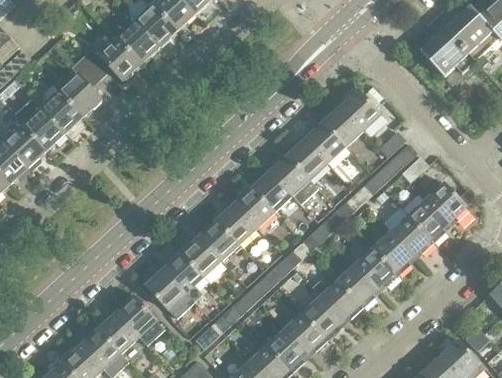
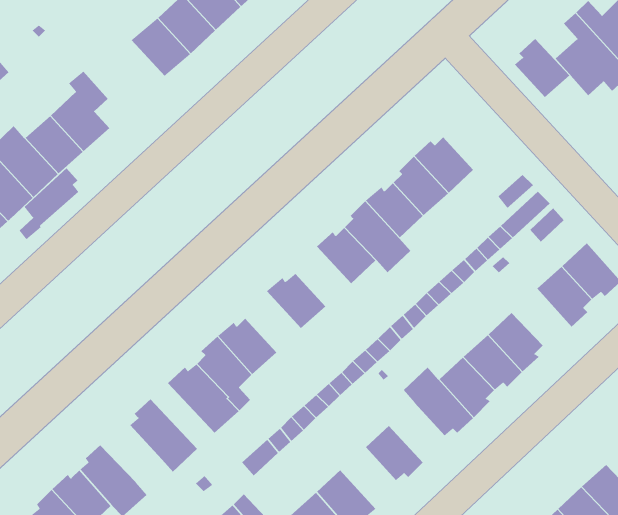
building: [83,37,141,81] -> none
building: [341,87,381,130] -> [514,38,570,98]
building: none -> [19,167,79,240]
building: [235,185,275,228] -> none
building: [390,215,433,256] -> none
building: [199,217,239,261] -> none
building: [302,297,342,340] -> none
building: [95,313,139,354] -> none
building: [267,329,307,373] -> none

